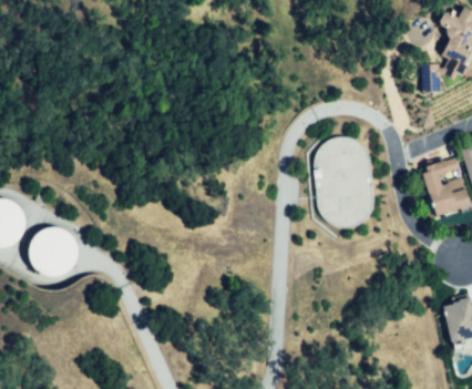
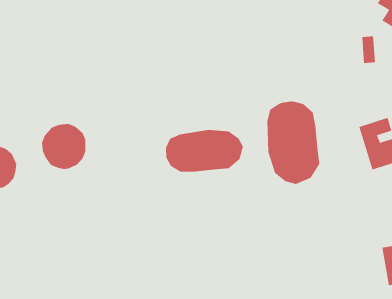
building: none -> [165,129,244,172]
building: [24,224,76,277] -> [41,124,86,170]

